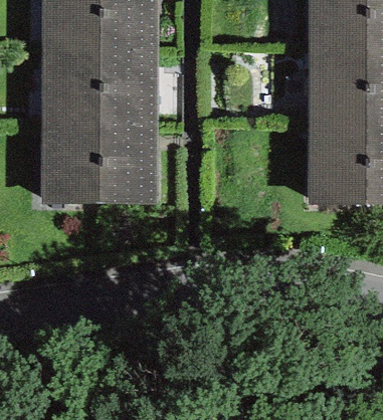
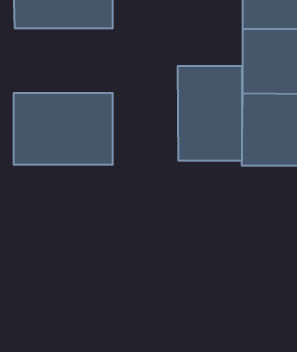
building: [42,44,157,120] -> none
building: none -> [178,66,242,161]

